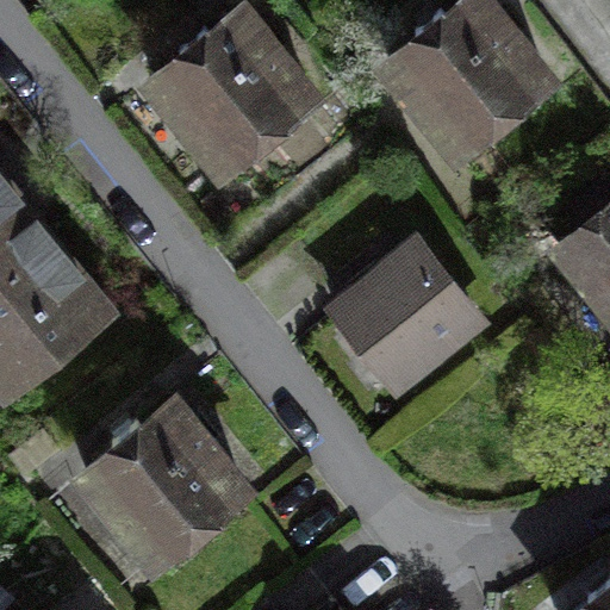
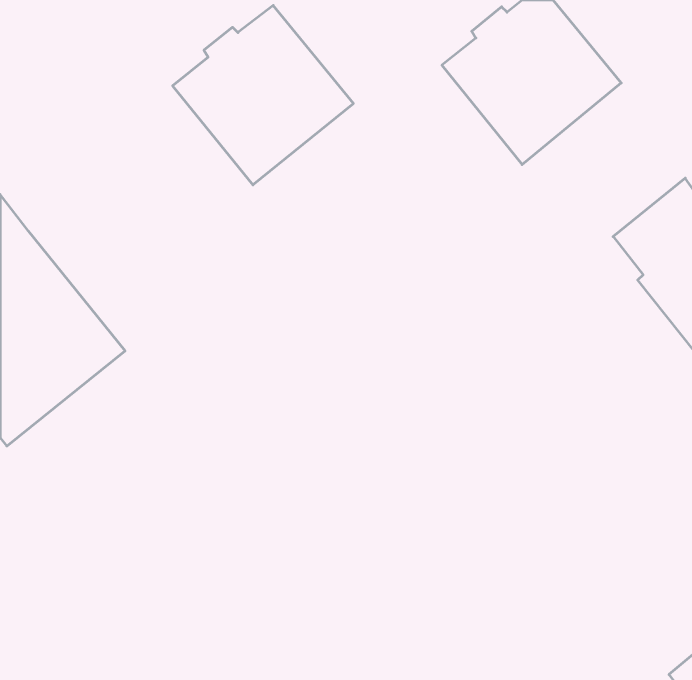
building: [340,254,477,390] -> none
building: [87,409,243,565] -> none

